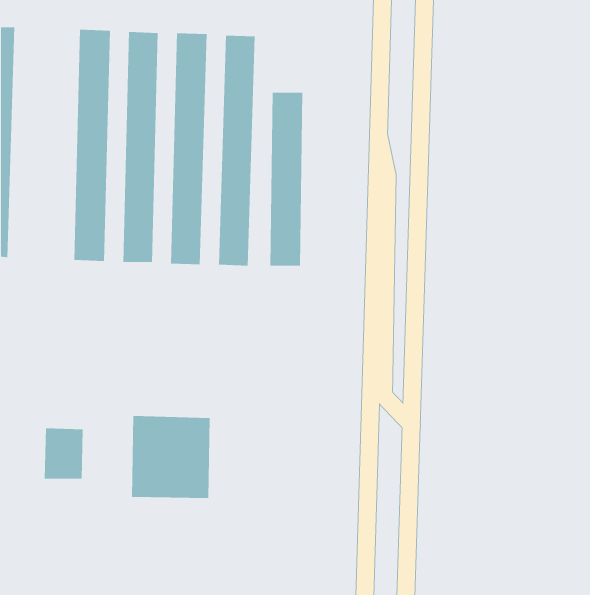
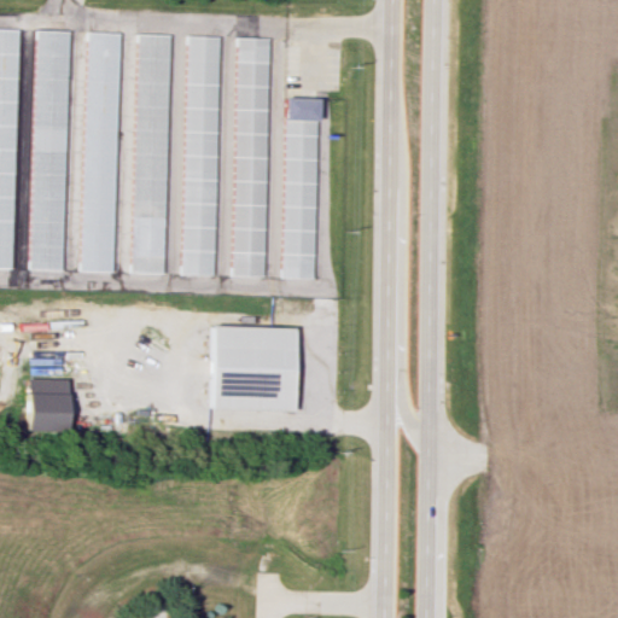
building: none -> [33,30,71,269]
building: [131,416,210,498] -> [210,325,292,410]
building: [44,428,84,479] -> [29,378,70,431]

